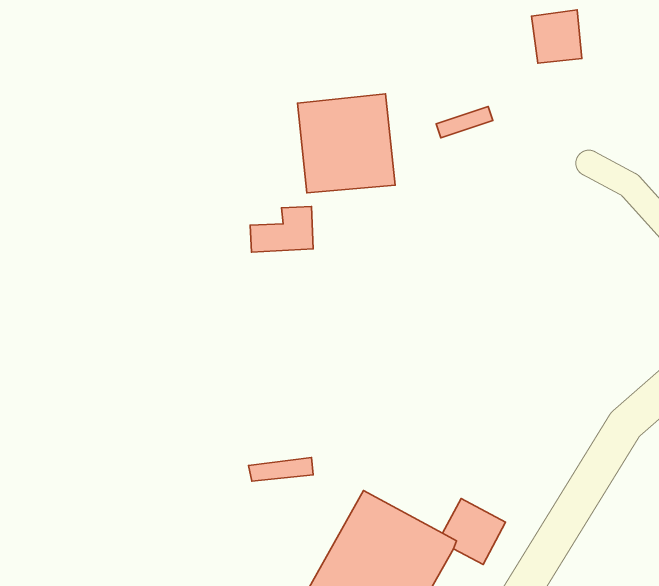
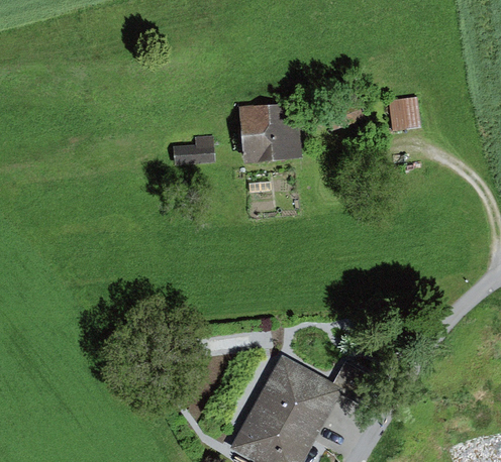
building: [531,10,582,63] -> [387,96,419,130]
building: [250,206,313,252] -> [173,134,213,163]

